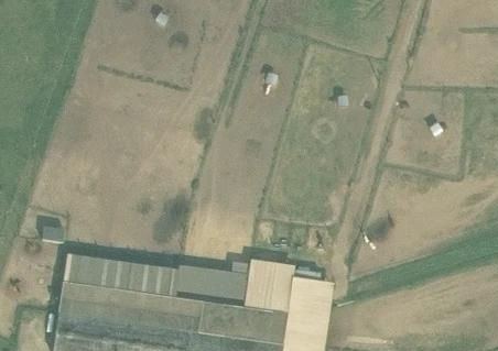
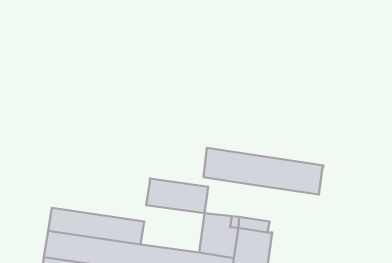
building: none -> [204,148,324,194]
building: [173,265,248,307] -> [146,179,208,213]

